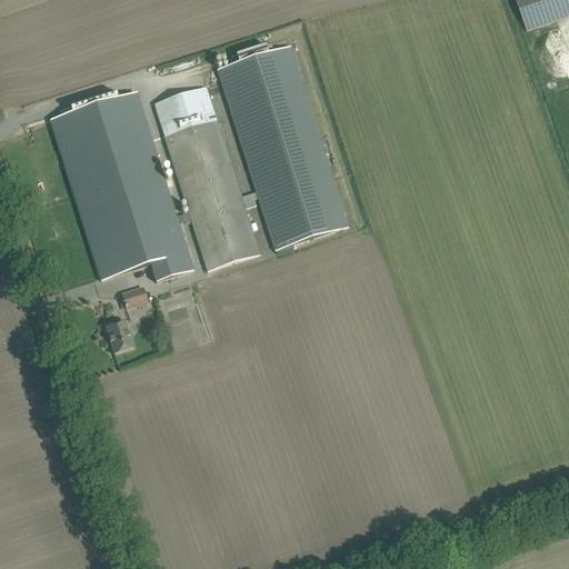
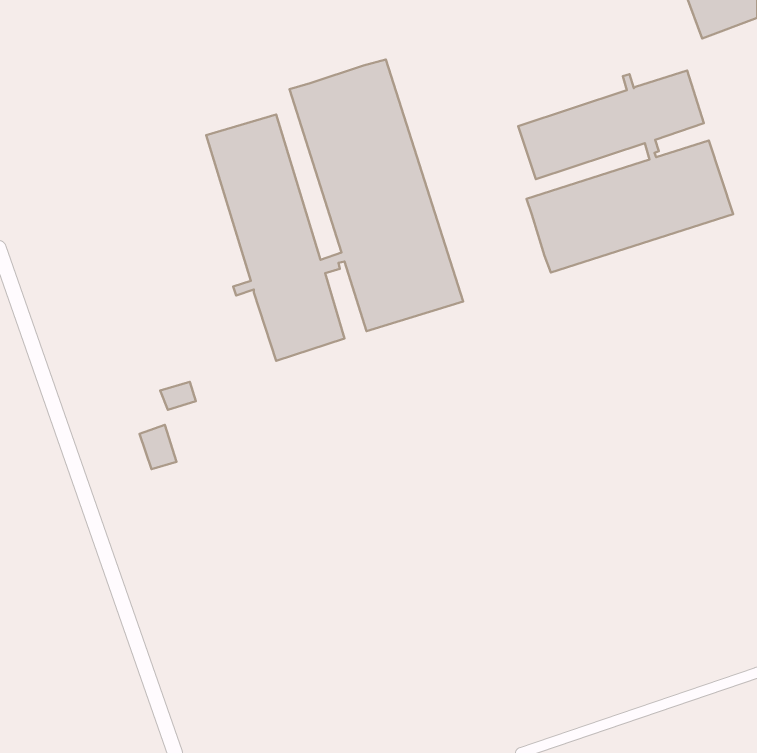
building: none -> [518,71,733,272]
building: [49,88,191,280] -> none

